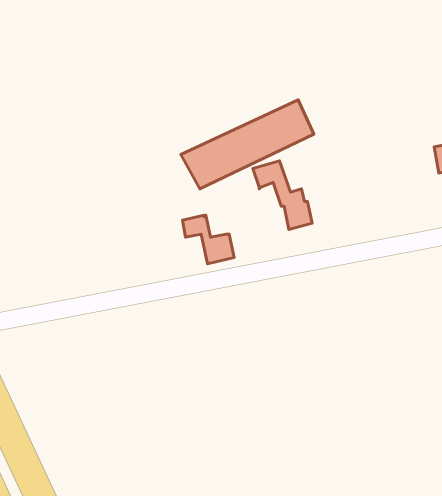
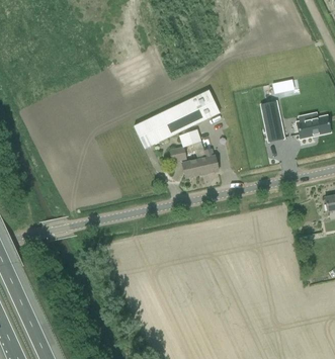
building: none -> [260,100,284,141]
building: [182,215,234,264] -> [169,147,202,178]

